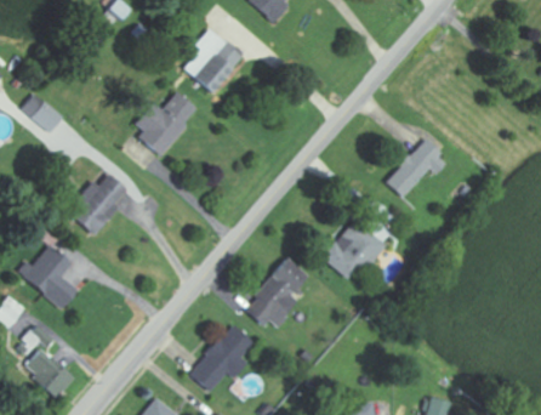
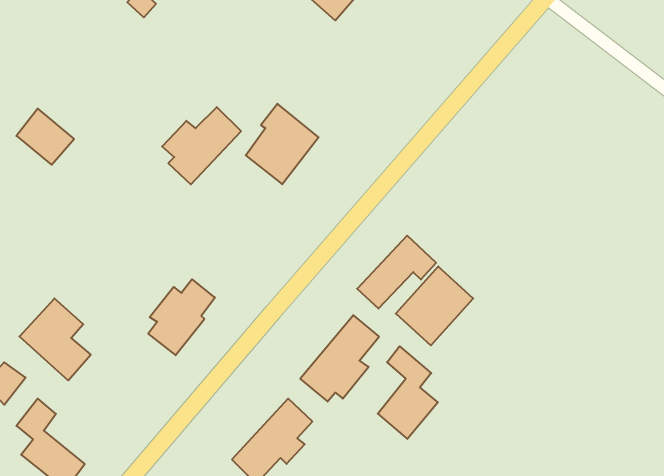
building: [184,28,243,92] -> [246,104,319,184]
building: [386,138,449,197] -> [357,236,436,309]
building: [72,174,125,234] -> [148,279,215,355]
building: none -> [378,346,438,439]

